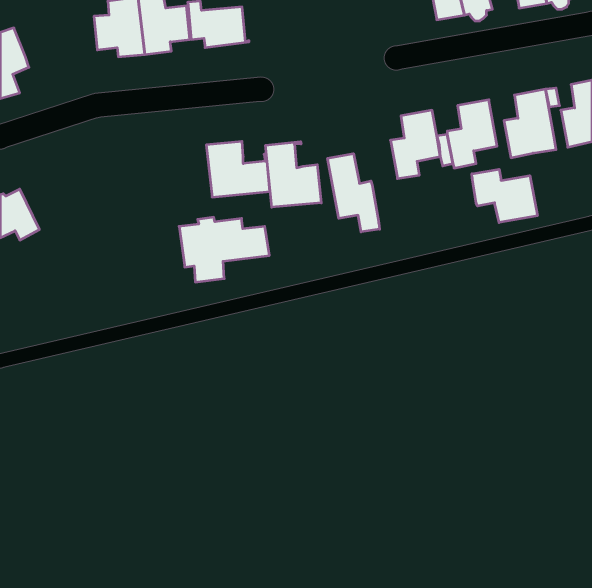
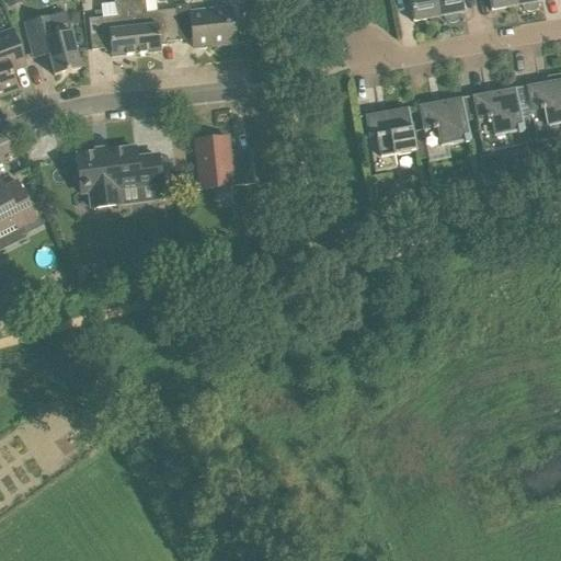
building: none -> [25,9,81,72]
building: [266,142,321,207] -> none
building: [328,154,380,232] -> none
building: [472,169,537,223] -> none
building: [179,217,269,282] -> [77,144,162,205]

